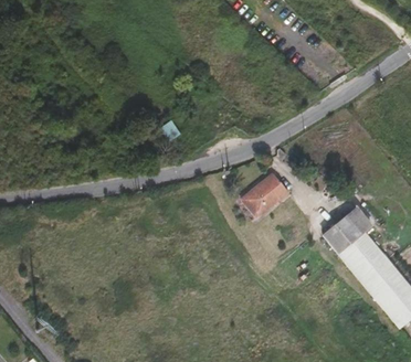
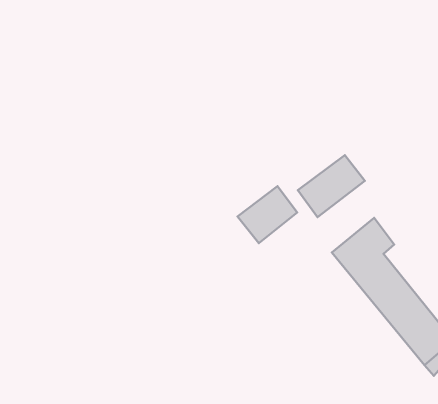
building: none -> [298,155,365,217]

